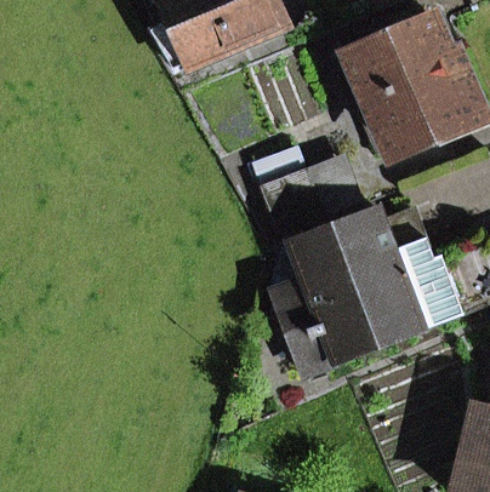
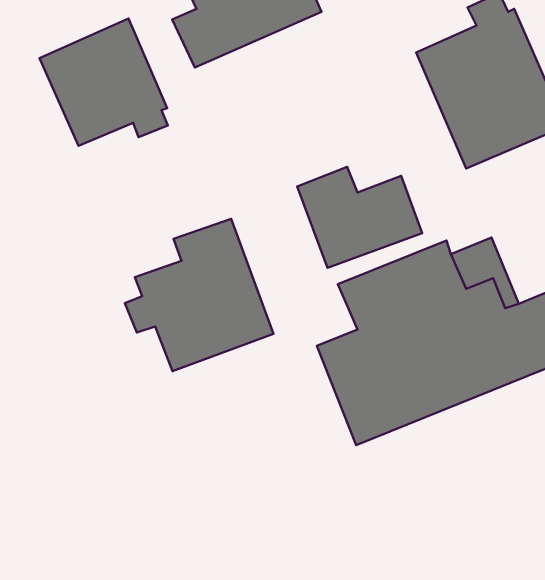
building: none -> [40,19,168,146]
building: none -> [125,219,273,371]

